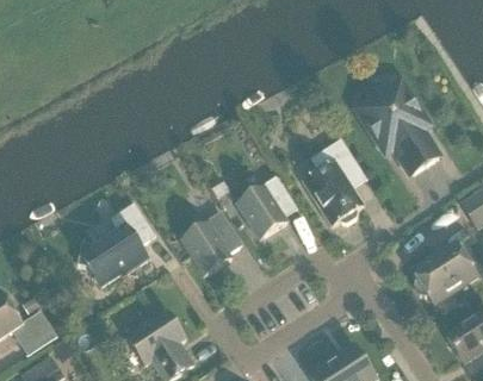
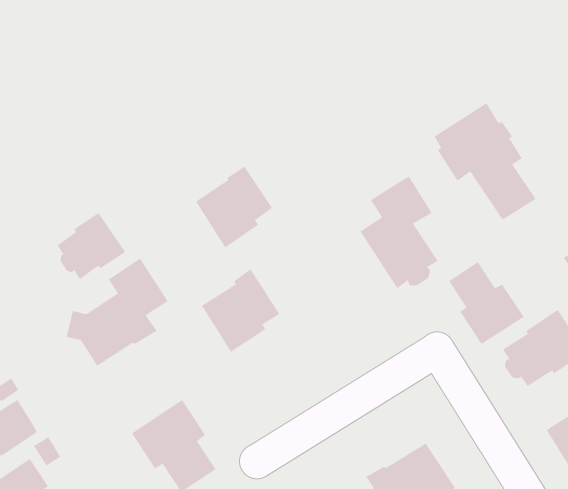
building: none -> [57,212,126,280]
building: [237,175,297,238] -> [195,166,273,248]
building: none -> [448,261,524,345]

